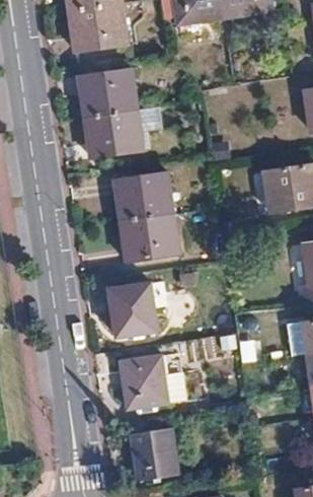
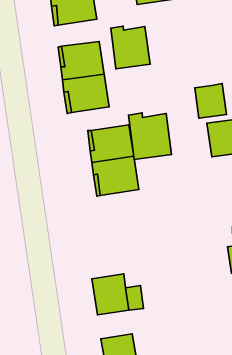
building: none -> [111,26,150,69]
building: none -> [195,83,226,118]
building: none -> [129,113,172,159]
building: [109,284,156,336] -> none

